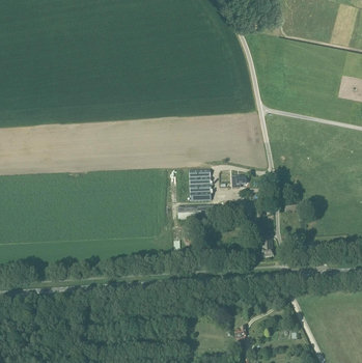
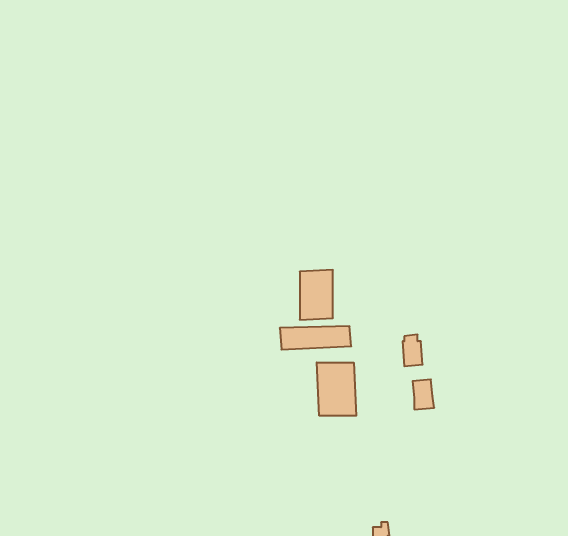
building: none -> [317,362,356,416]

